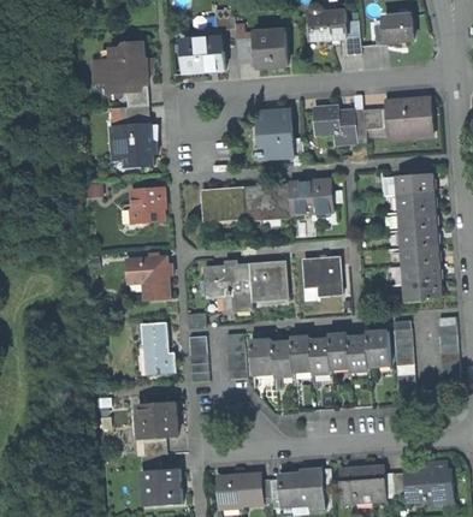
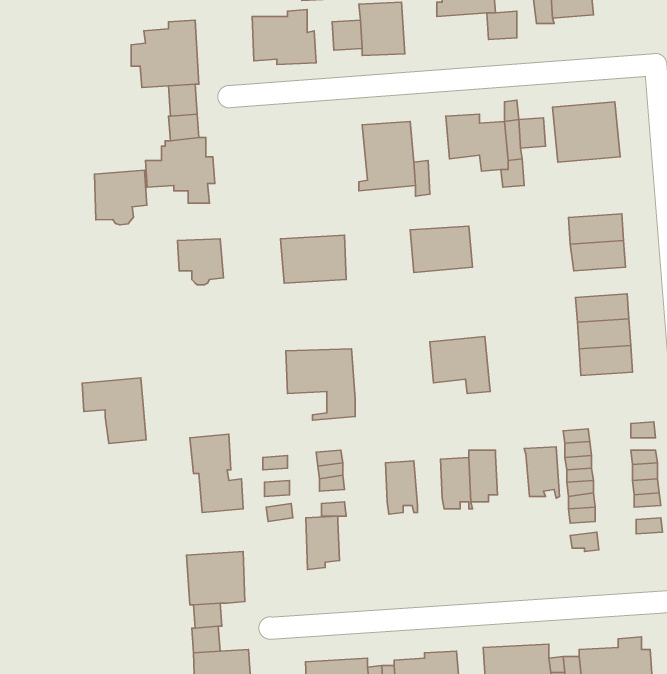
building: none -> [94,170,147,225]
building: [244,184,291,221] -> none
building: [400,209,436,230] -> none
building: [126,255,170,299] -> [82,378,146,443]
building: [249,262,288,298] -> none
building: [404,280,441,301] -> none
building: [291,334,311,370] -> none
building: [347,335,369,370] -> none
building: [250,338,273,374] -> [306,516,339,569]

